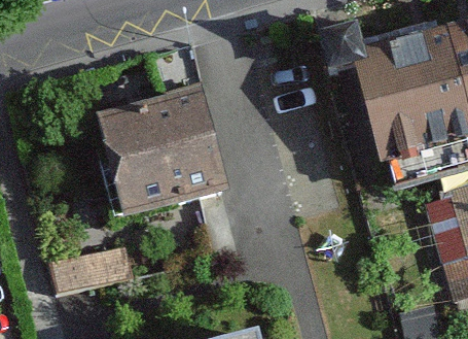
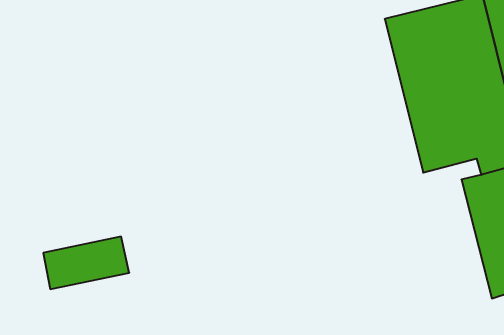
building: [99,93,225,218] -> none

